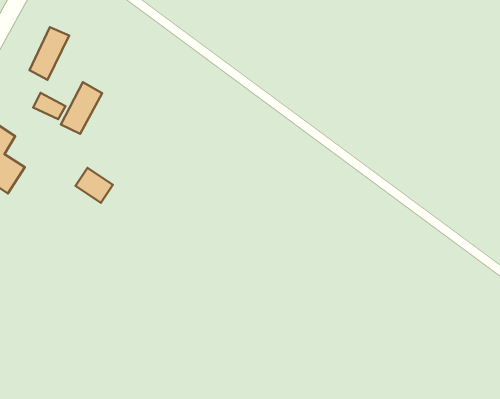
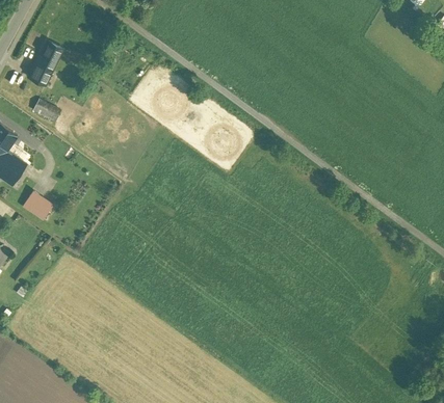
building: [61,82,102,134] -> none
building: [76,168,113,203] -> [22,190,54,220]

